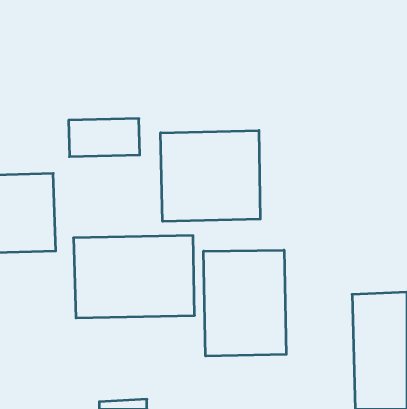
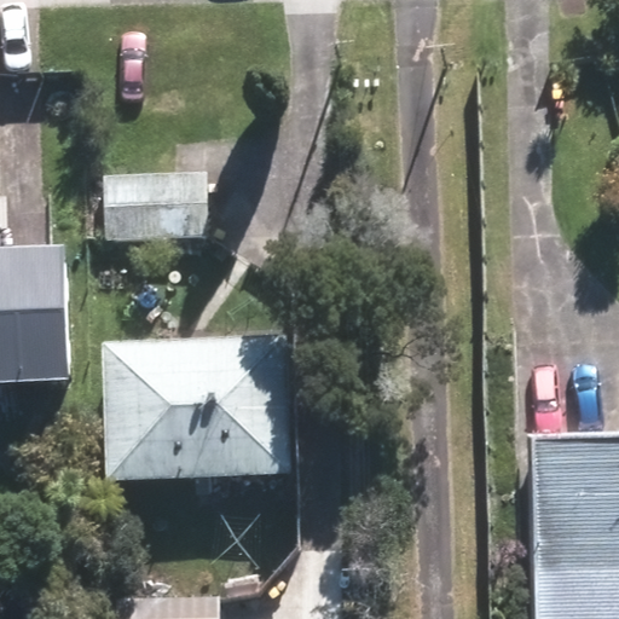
building: [161,130,260,221] -> none
building: [204,250,286,356] -> none

